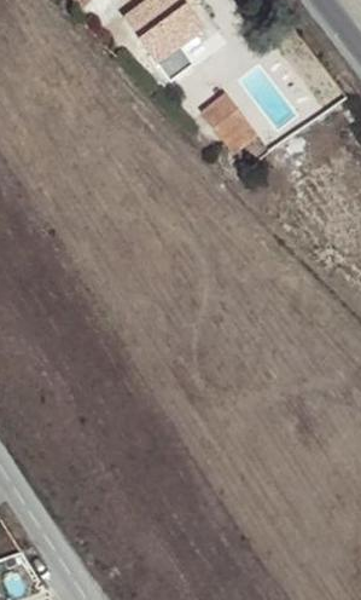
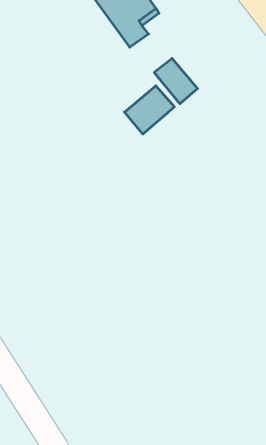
building: none -> [124,86,174,134]

